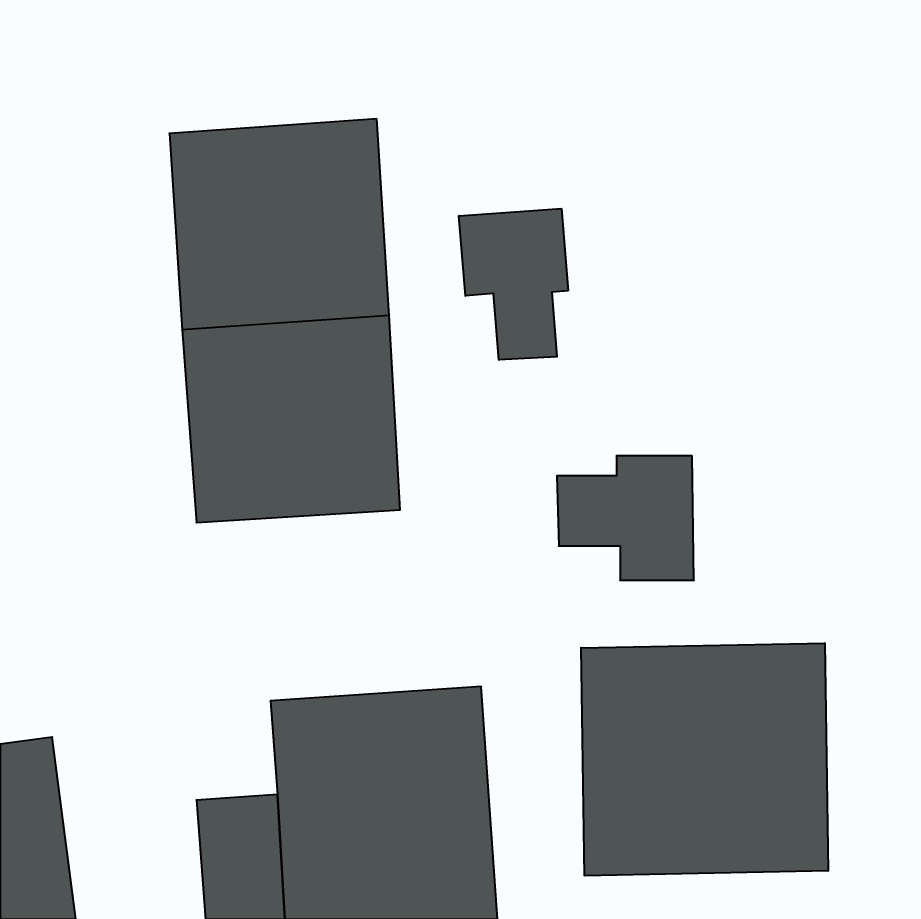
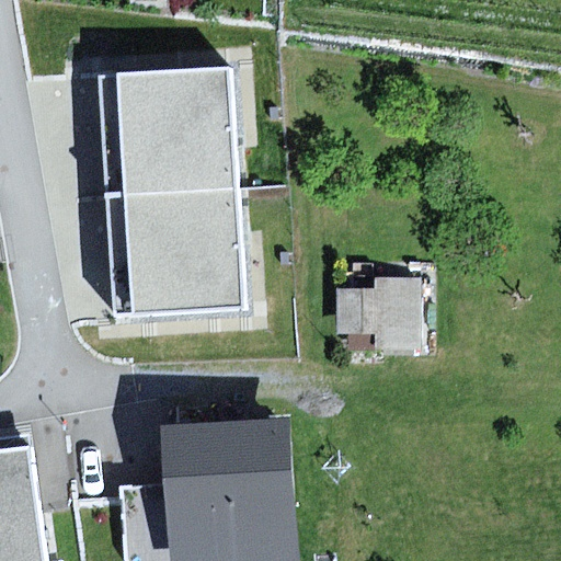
building: [459,209,568,360] -> none
building: [581,643,828,876] -> none

